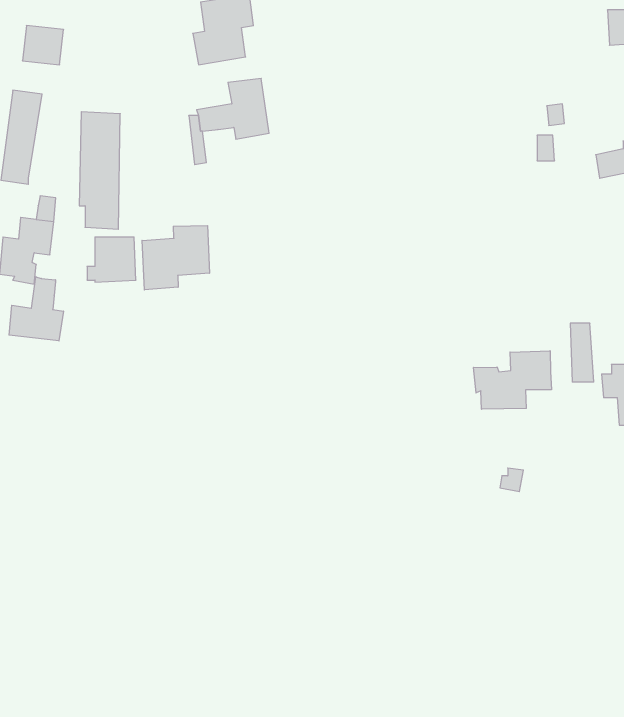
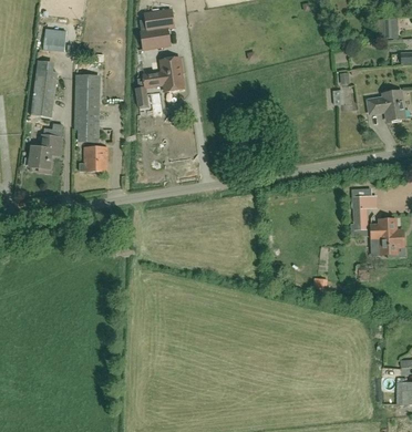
building: [142,226,209,290] -> none
building: [9,277,63,341] -> none
building: [474,351,551,409] -> none

